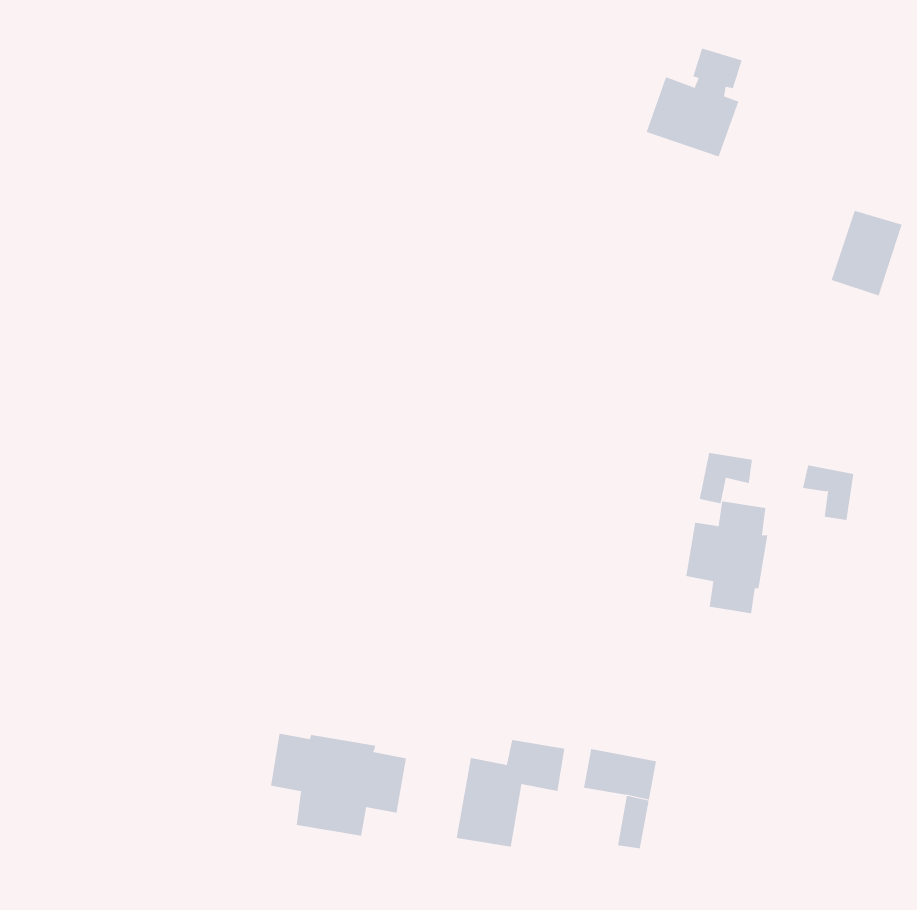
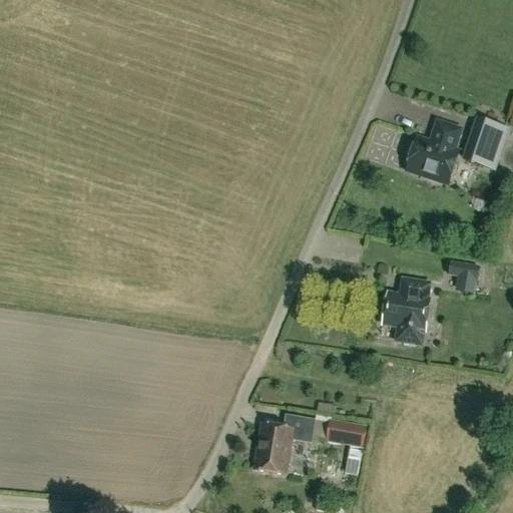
building: [646,48,743,157] -> [406,120,460,181]
building: [699,452,752,504] -> none
building: [270,733,406,837] -> none

